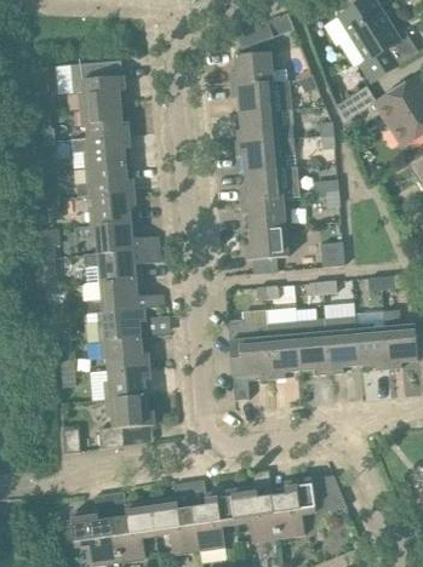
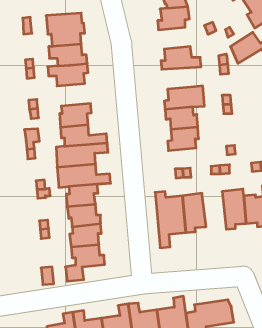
building: [231,81,291,114] -> none
building: [236,139,295,172] -> none
building: [76,164,133,197] -> none
building: [295,320,330,376] -> none

